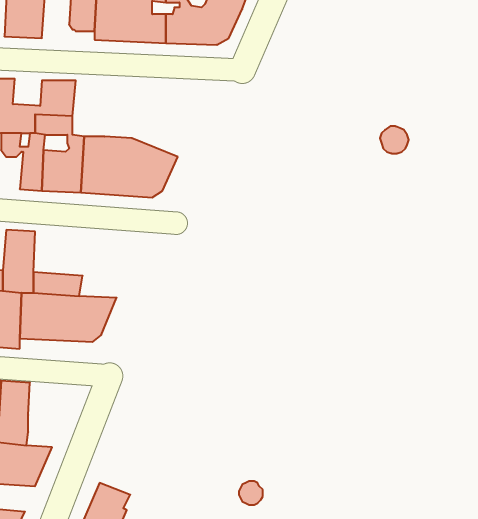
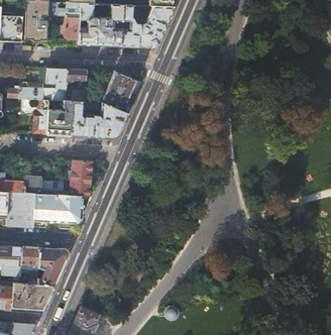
building: none -> [65,68,86,101]
building: none -> [100,70,141,113]
building: none -> [69,159,95,197]
building: none -> [37,247,69,286]

